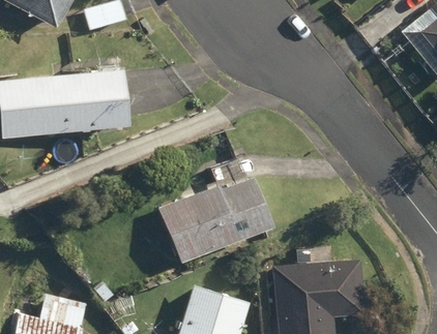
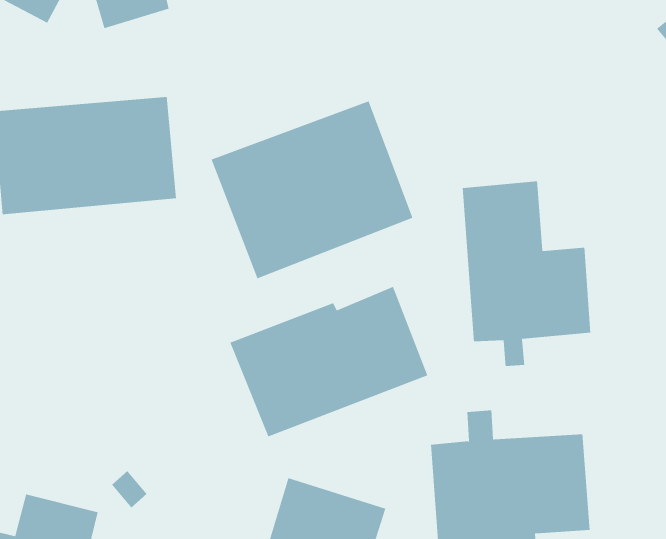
building: none -> [211,100,413,279]
building: none -> [462,180,591,367]

